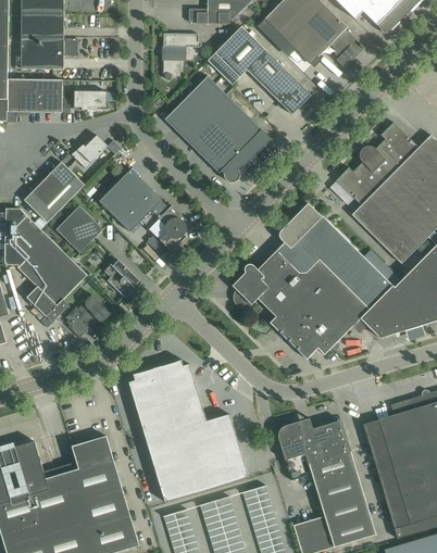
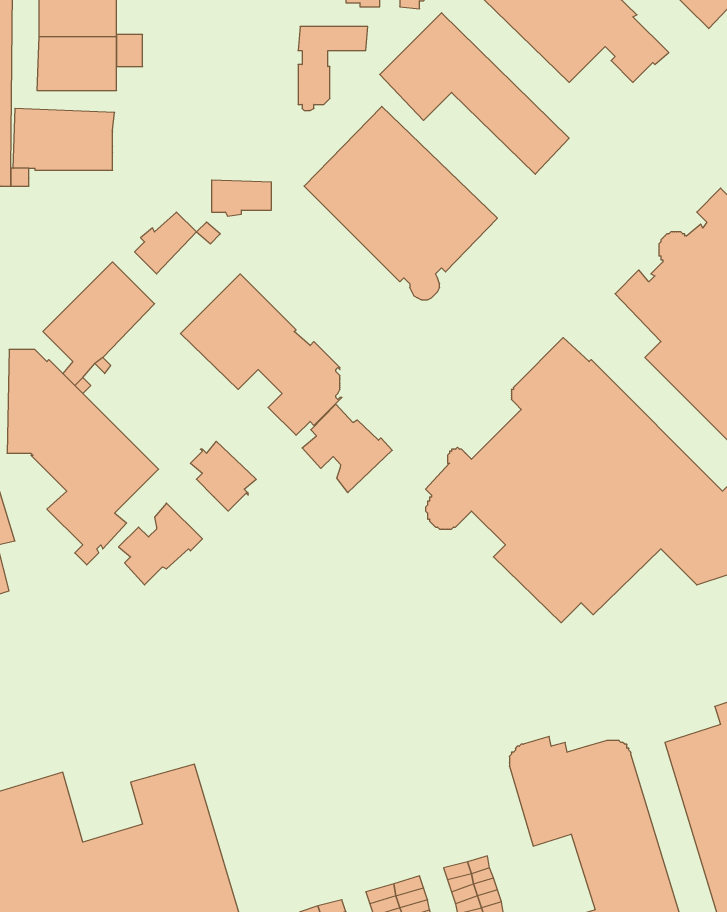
building: [74,90,107,110] -> [212,180,271,216]
building: [55,205,103,253] -> none
building: none -> [302,404,392,493]
building: [128,360,249,502] -> none

